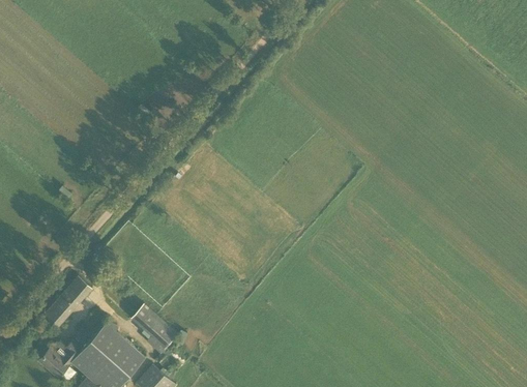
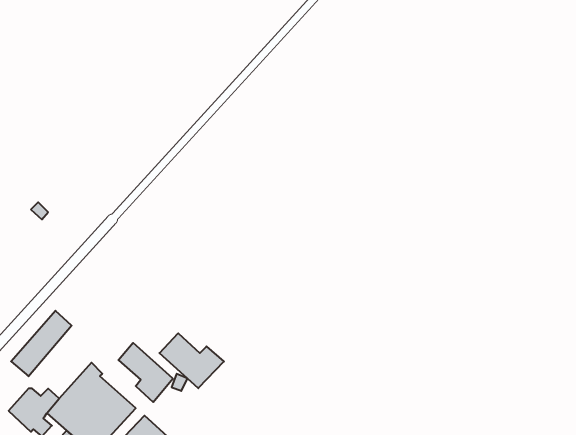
building: none -> [159,333,224,388]

